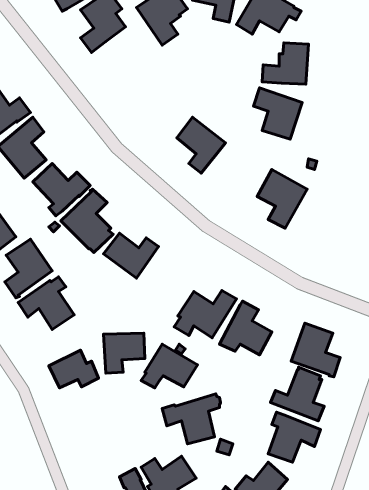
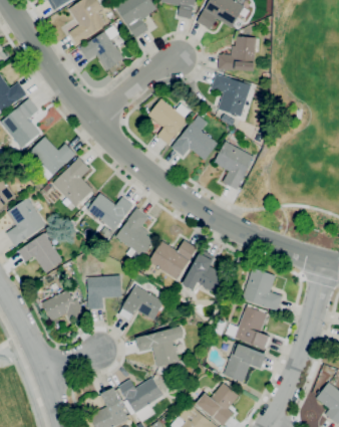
building: none -> [79,30,123,70]
building: none -> [172,122,218,160]
building: none -> [115,207,154,261]

